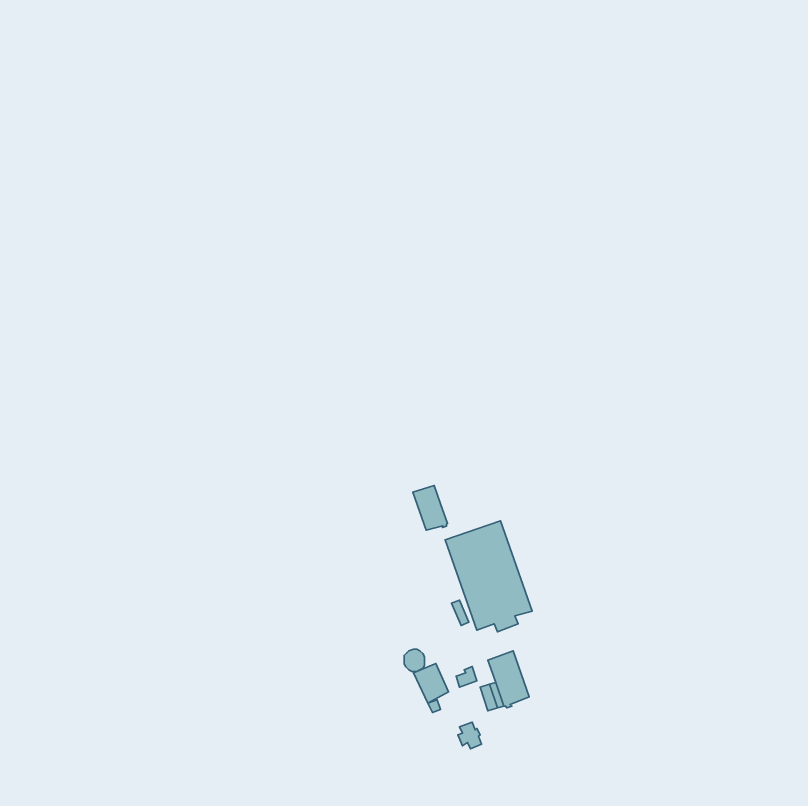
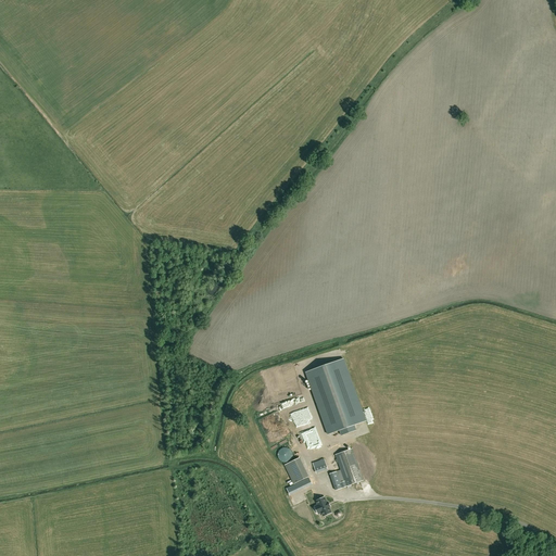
building: [413,485,448,530] -> none

